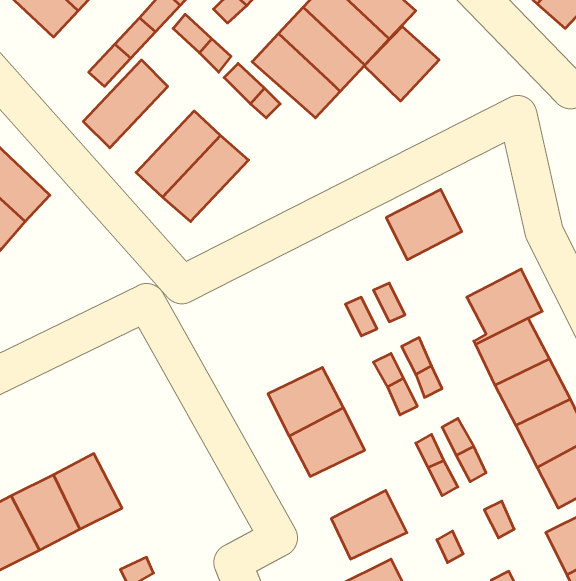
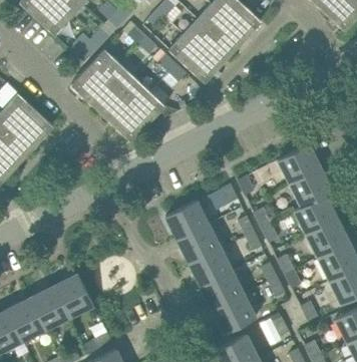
building: [364,26,439,101] -> none
building: none -> [86,62,134,111]
building: [386,189,462,260] -> [278,142,321,183]
building: none -> [165,199,208,238]
building: none -> [201,270,244,309]

